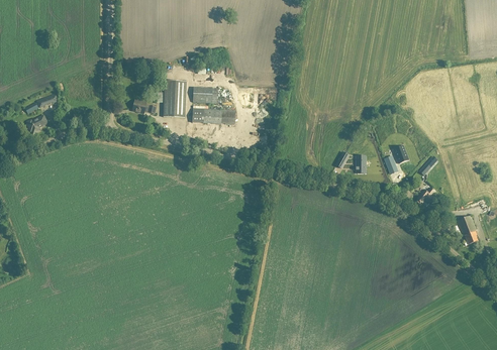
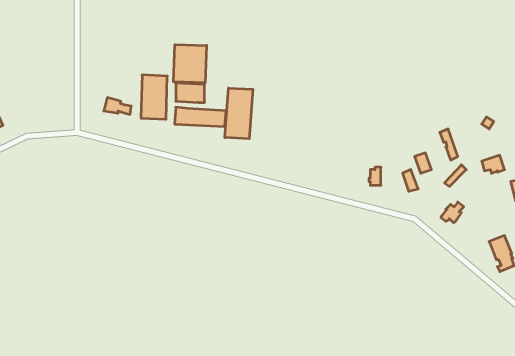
building: none -> [173,45,207,83]
building: none -> [225,88,253,139]

